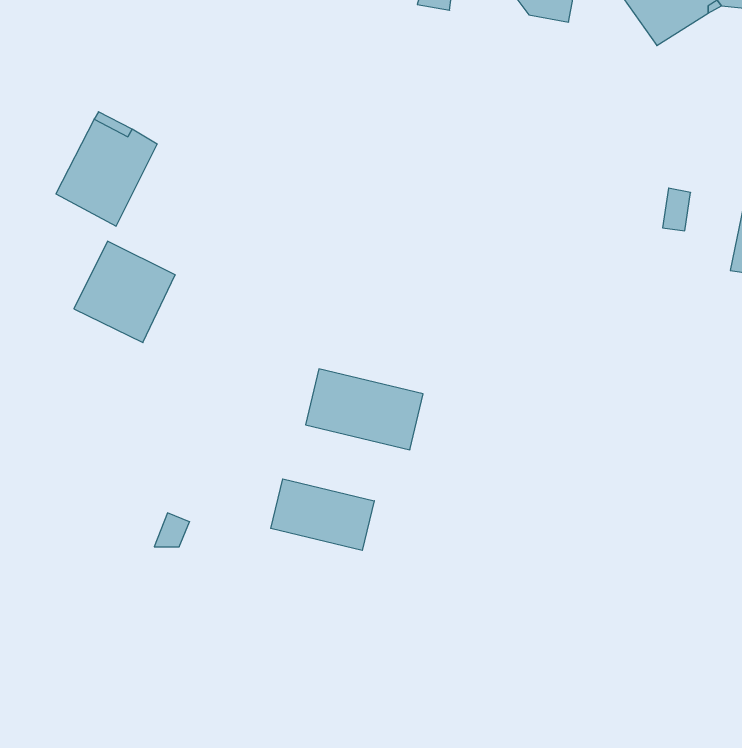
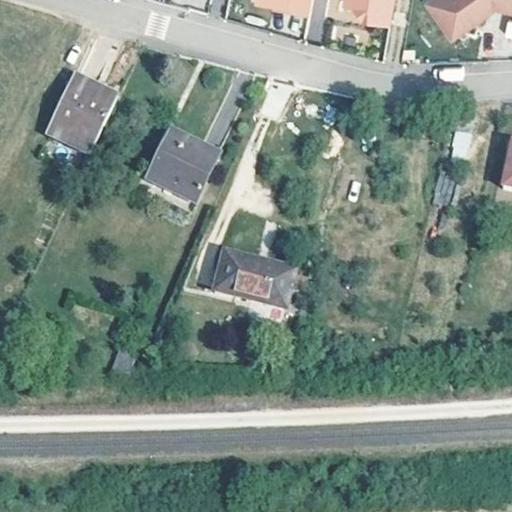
building: [74,241,175,343] -> [145,129,214,198]
building: [271,479,374,550] -> none

